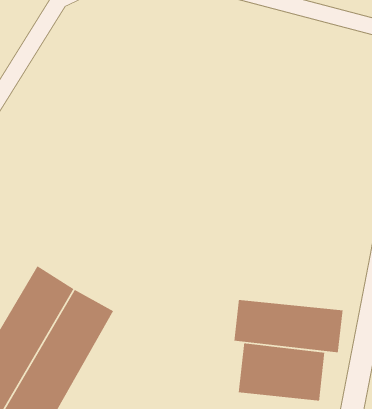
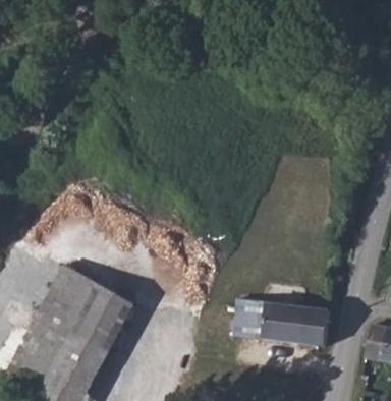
building: [238,342,325,401] -> none

